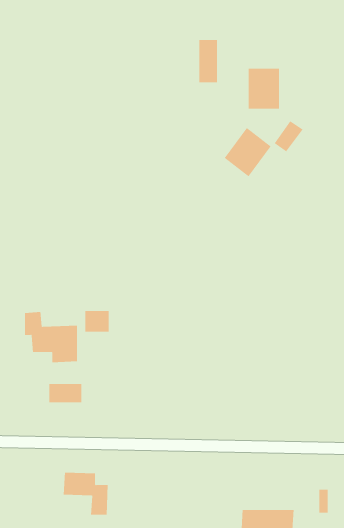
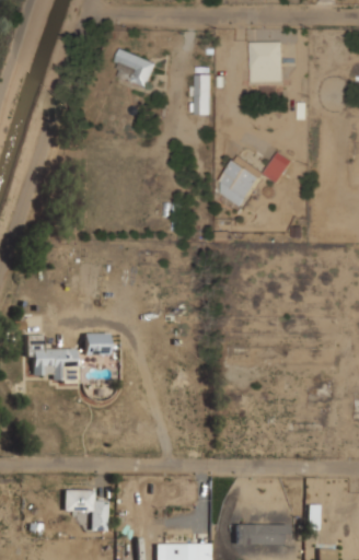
building: none -> [112,49,155,89]
building: [248,68,280,109] -> [251,43,281,82]
building: [49,383,82,403] -> none

